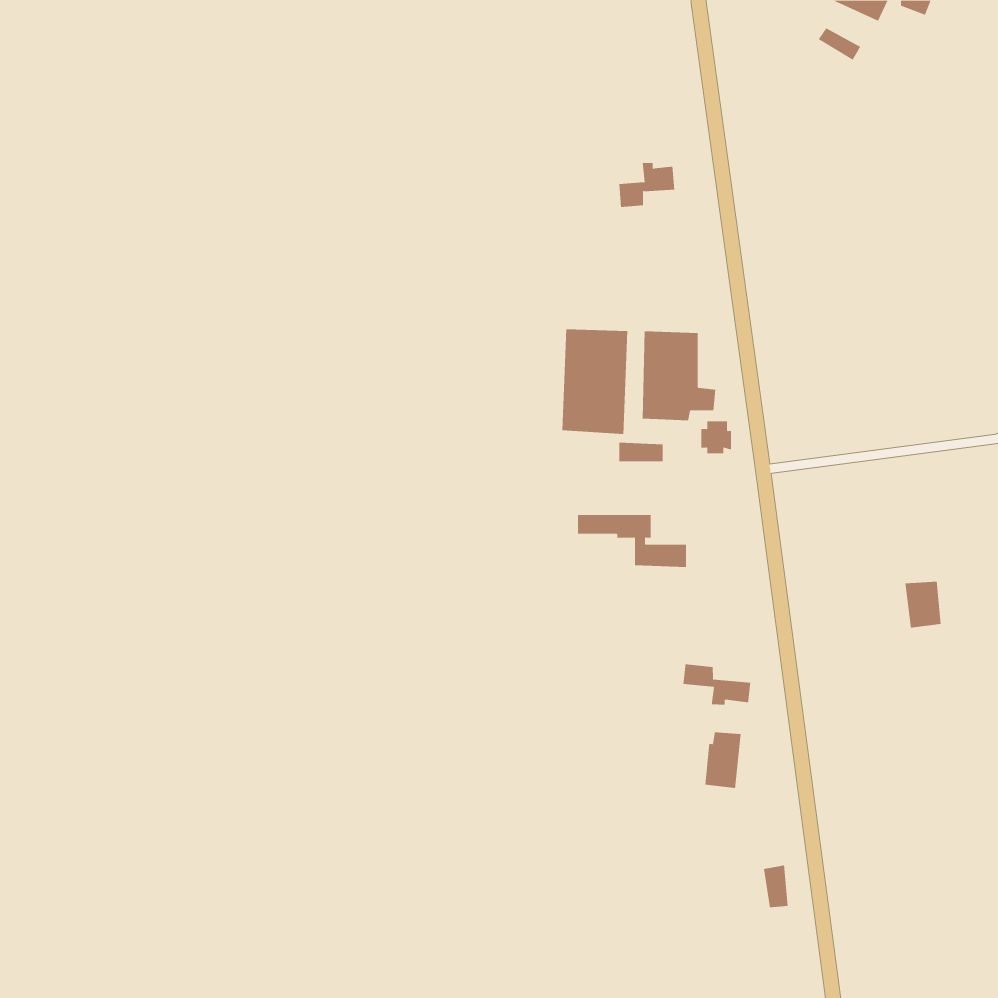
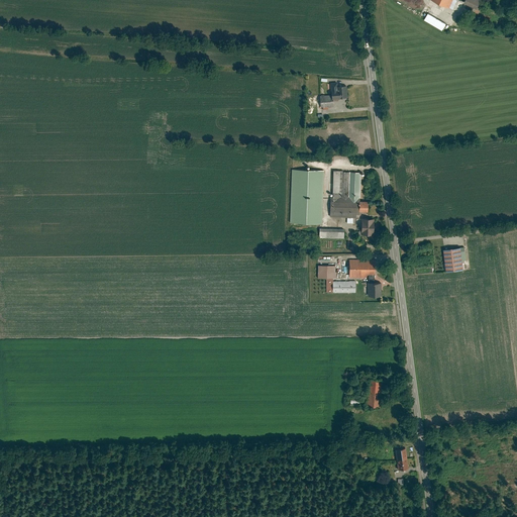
building: none -> [347,261,381,297]
building: [904,581,942,628] -> [445,249,464,274]
building: [683,664,751,705] -> none

